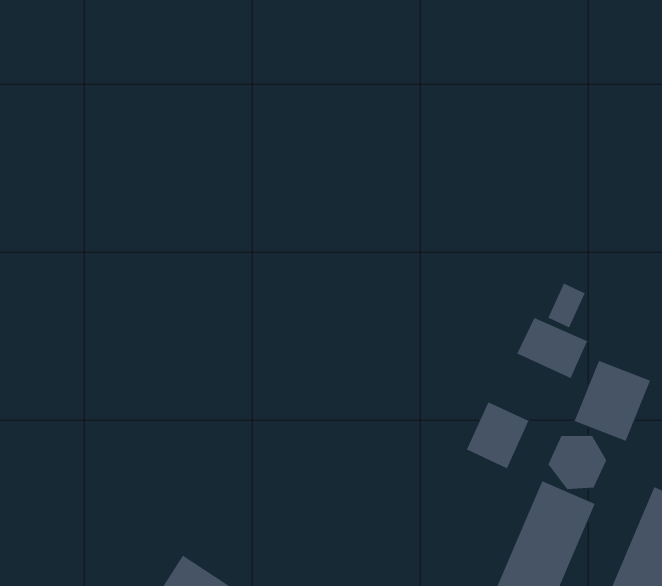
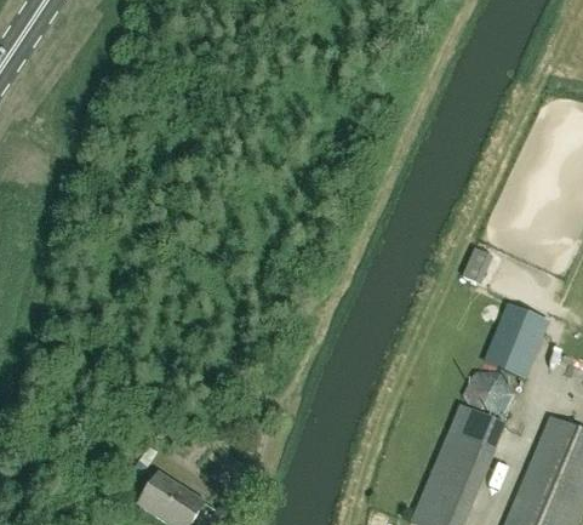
building: [517,317,588,379] -> none
building: [466,401,529,469] -> none

